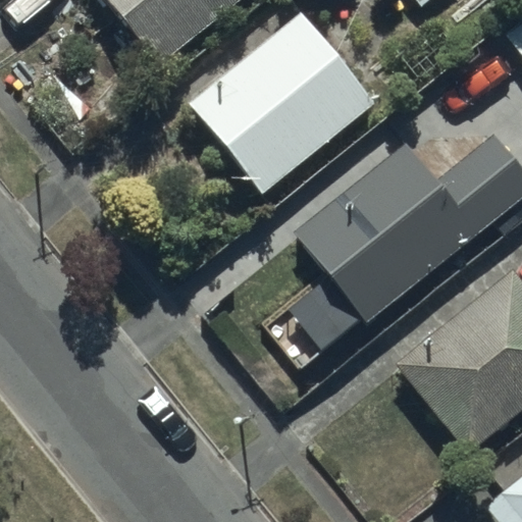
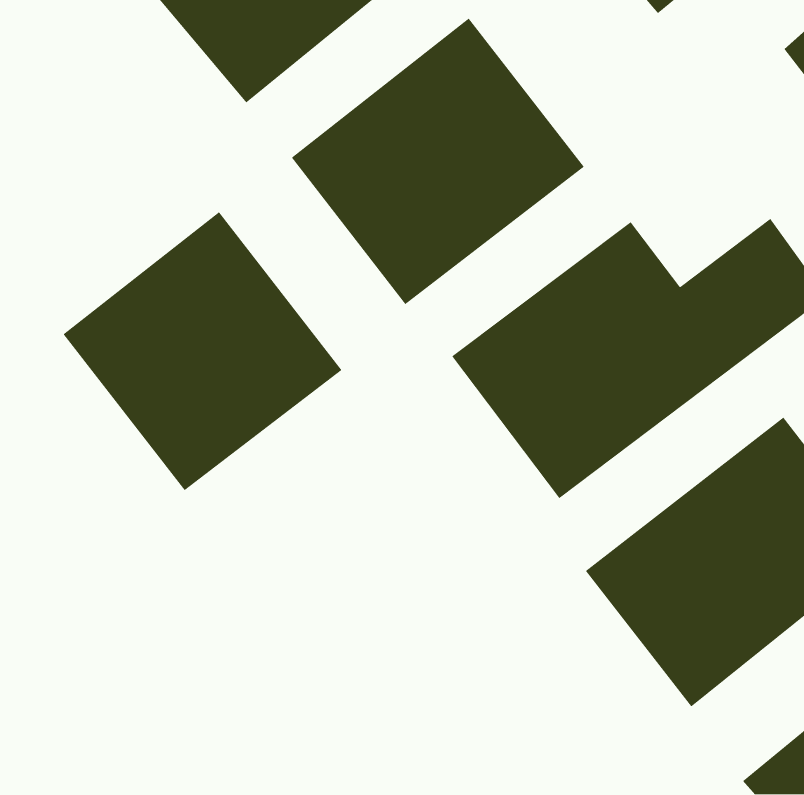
building: none -> [62,211,342,491]

